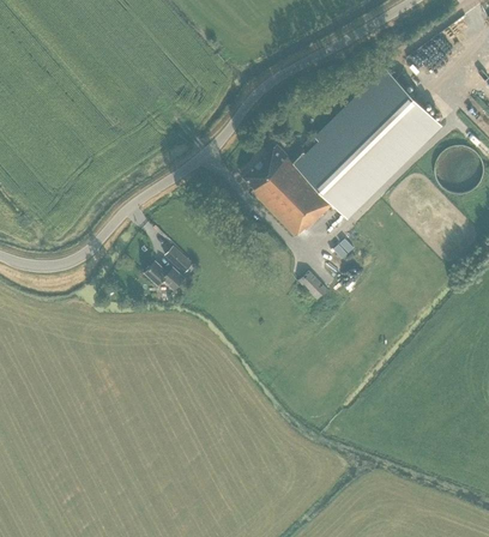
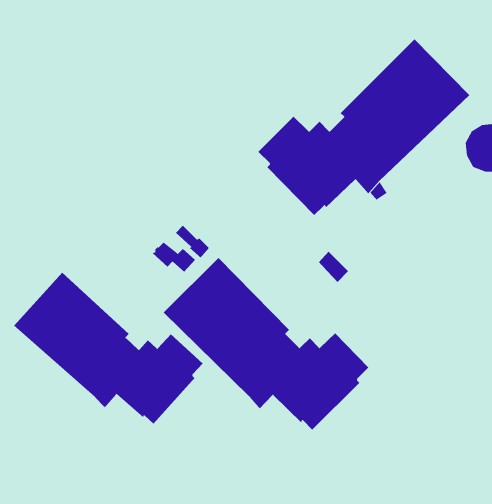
building: none -> [163,257,369,431]
building: none -> [13,272,203,424]

